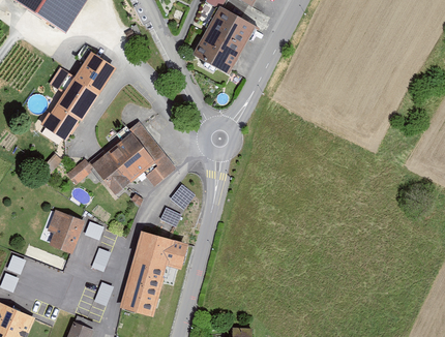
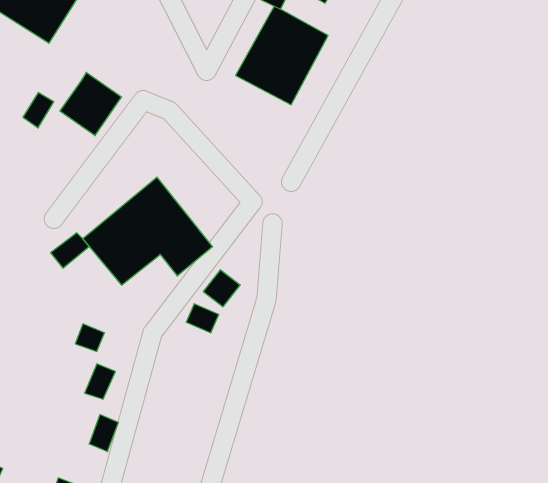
building: [40,78,97,141] -> none
building: [48,211,83,252] -> none
building: [119,232,187,316] -> none

